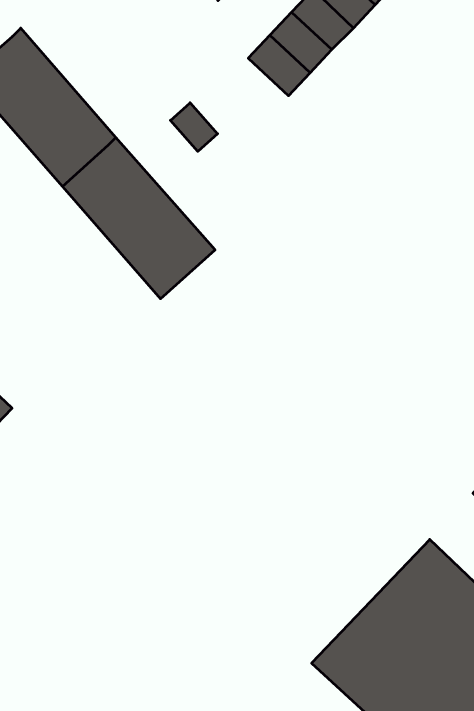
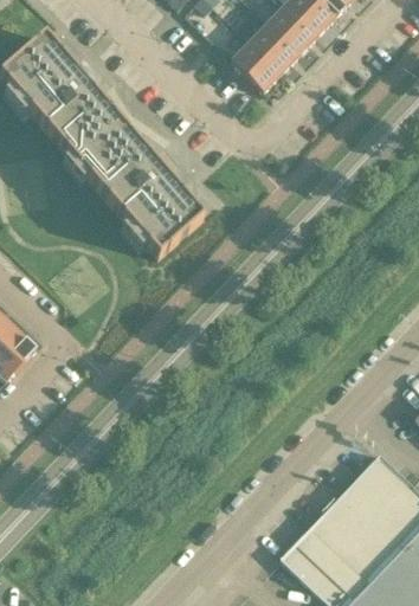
building: [170,103,218,151] -> none

